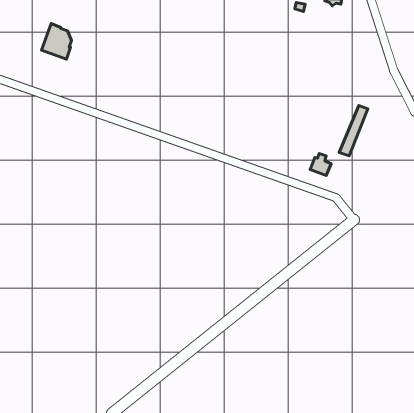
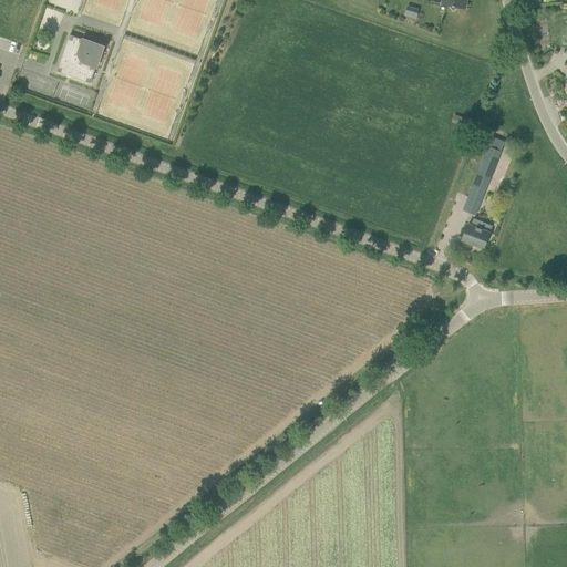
building: [310,153,331,175] -> [463,216,492,246]

